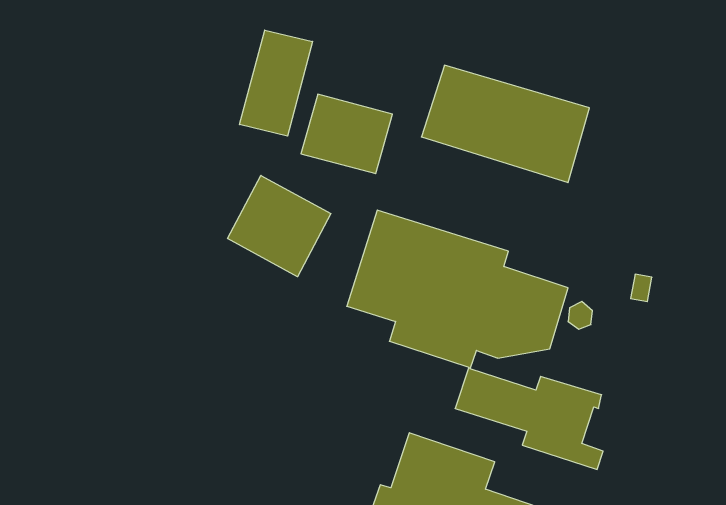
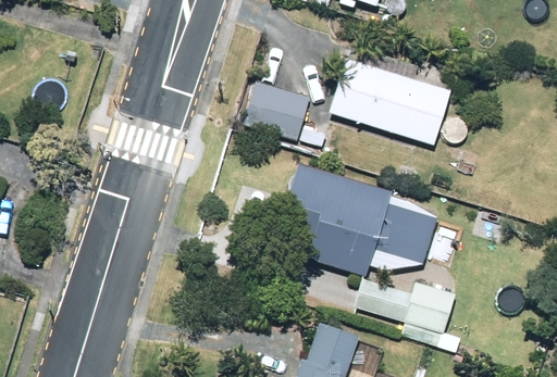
building: [240,30,313,136] -> none
building: [228,175,331,277] -> none

